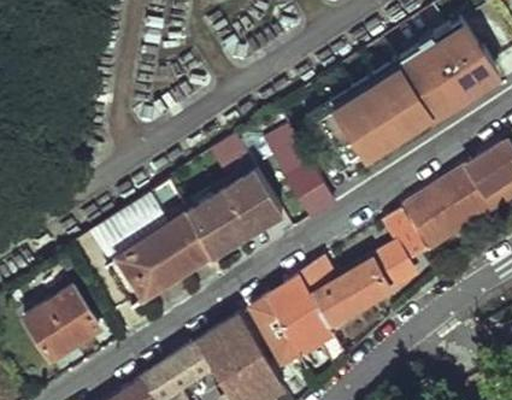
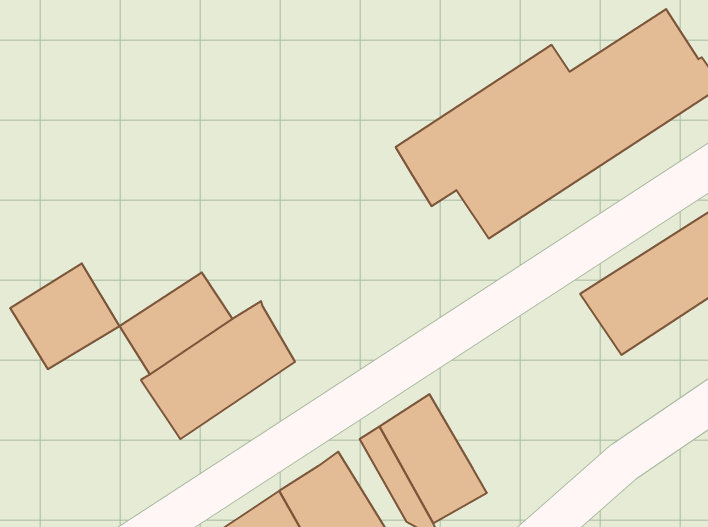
building: [265,128,334,219] -> none
building: [188,137,281,257] -> none
building: [300,208,429,325] -> none
building: [27,287,100,358] -> [10,263,119,369]

